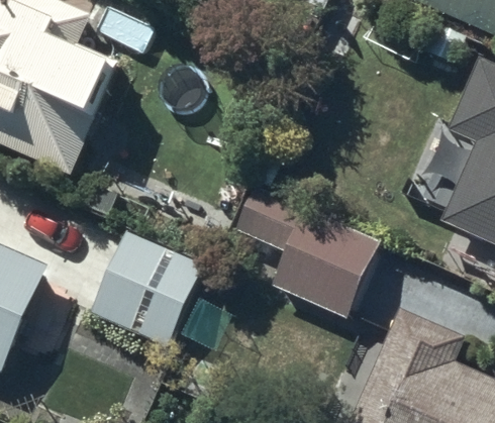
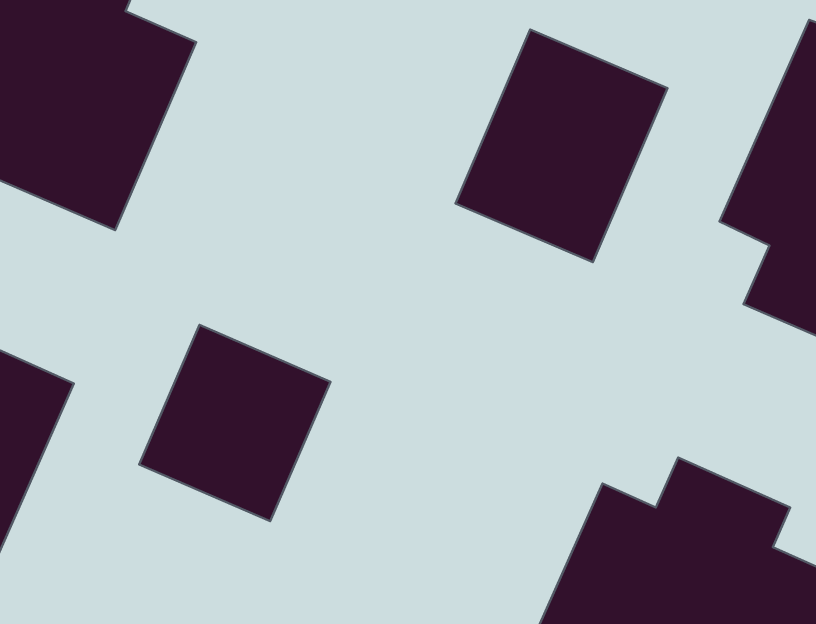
building: none -> [455,30,667,262]
building: [239,187,386,319] -> none

